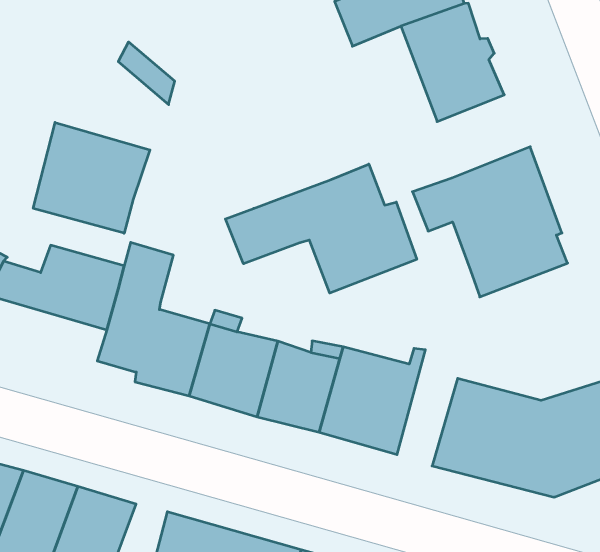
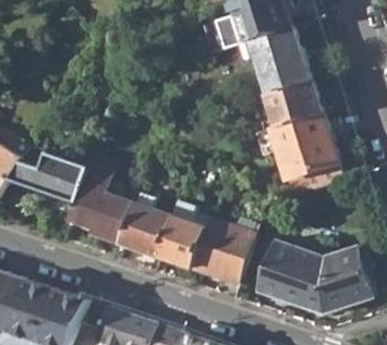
building: none -> [265,79,322,126]
building: [33,122,150,233] -> none
building: [225,164,417,293] -> none

